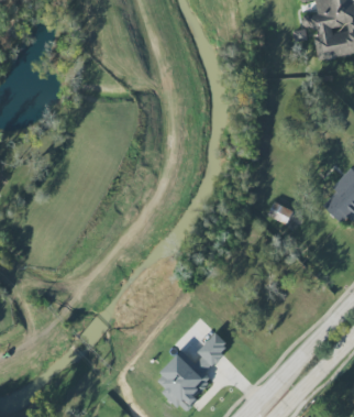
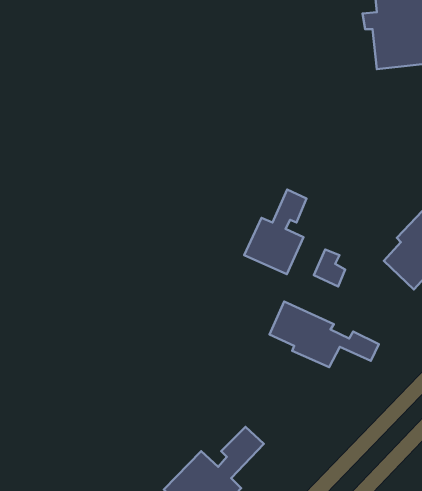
building: none -> [244,190,307,274]
building: none -> [269,301,379,367]

